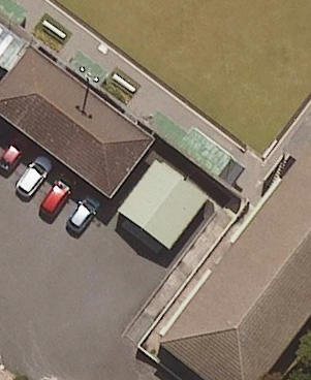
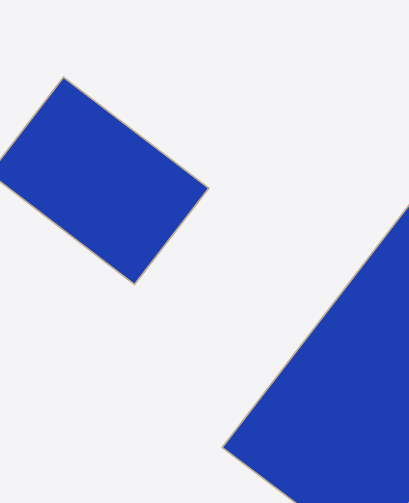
building: [108,159,199,252] -> none

